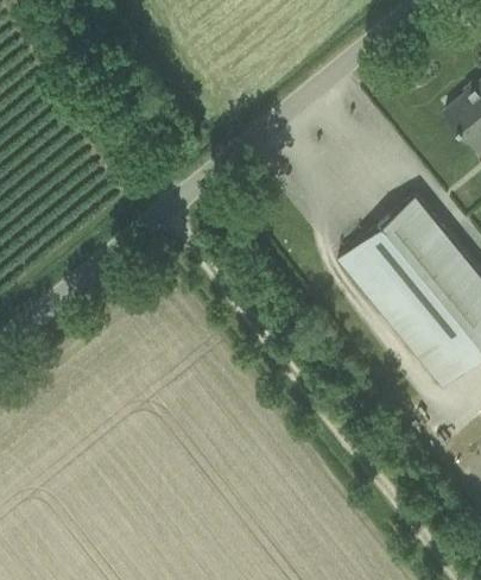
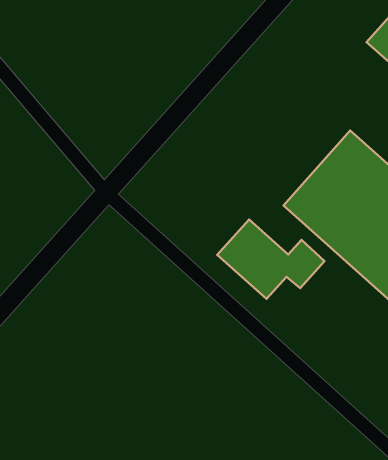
building: none -> [217,219,324,299]

